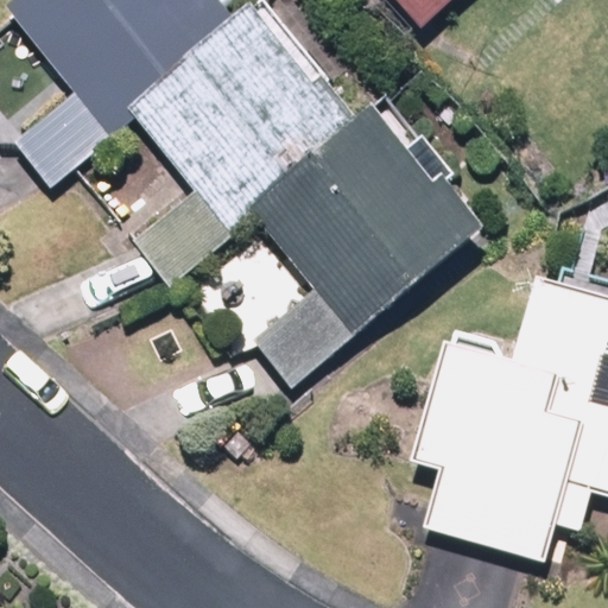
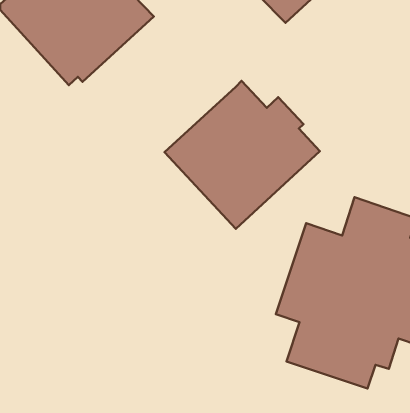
building: [132,6,354,228] -> none

